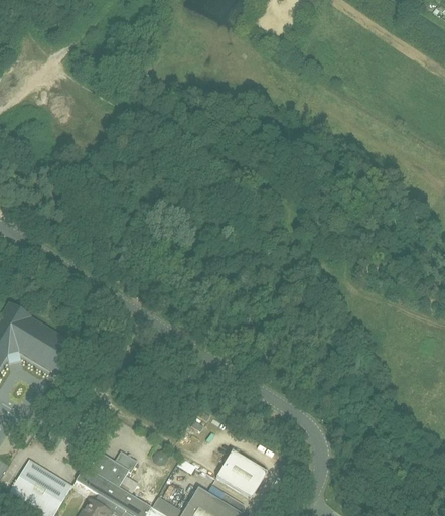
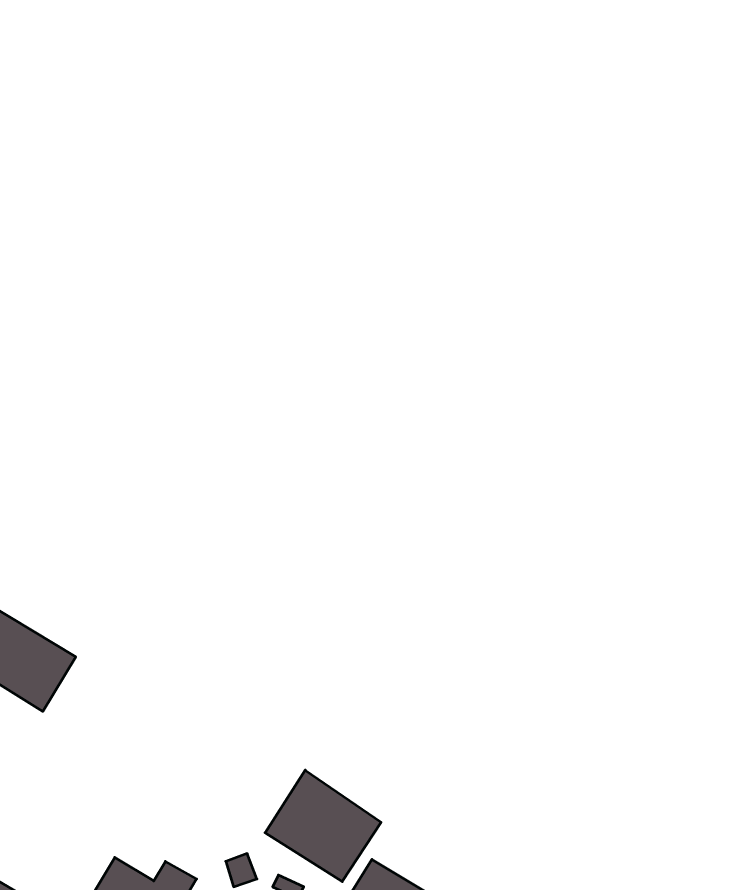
building: none -> [265,770,381,882]

